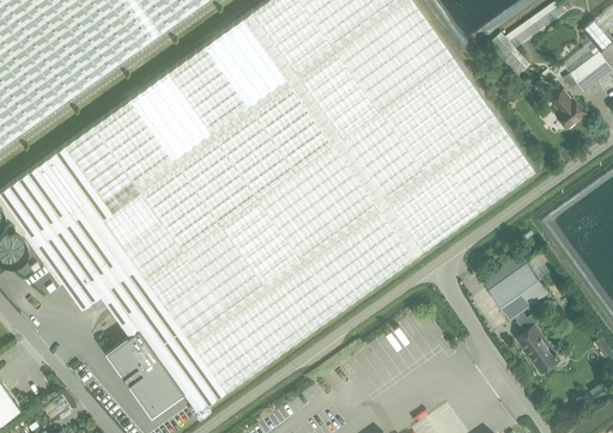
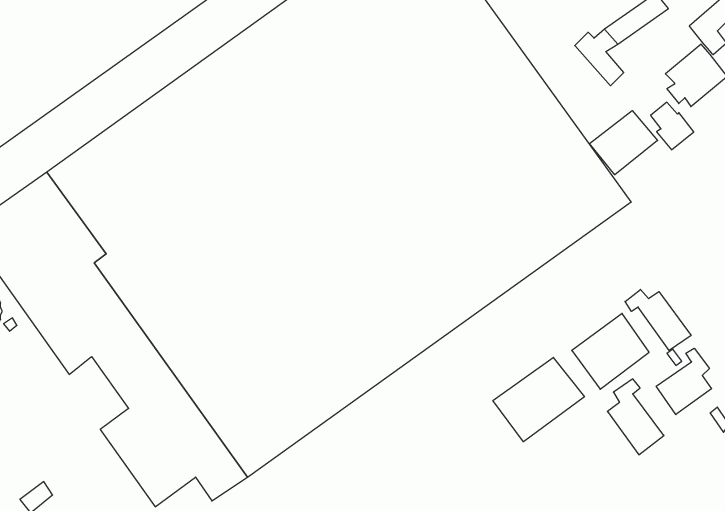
building: none -> [590,111,658,175]
building: none -> [625,289,691,351]
building: none -> [656,348,712,415]
building: none -> [493,357,584,442]

